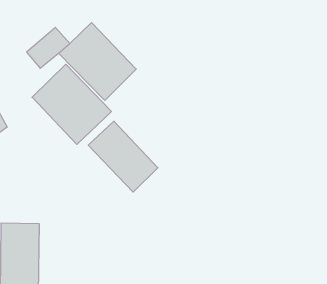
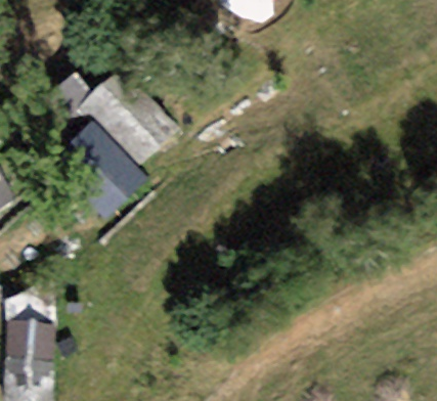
building: [88,121,158,192] -> none

